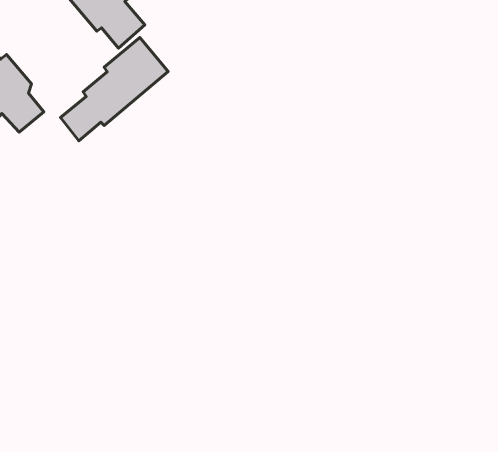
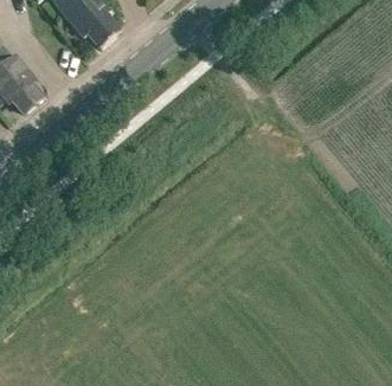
building: [61,38,168,141] -> none

